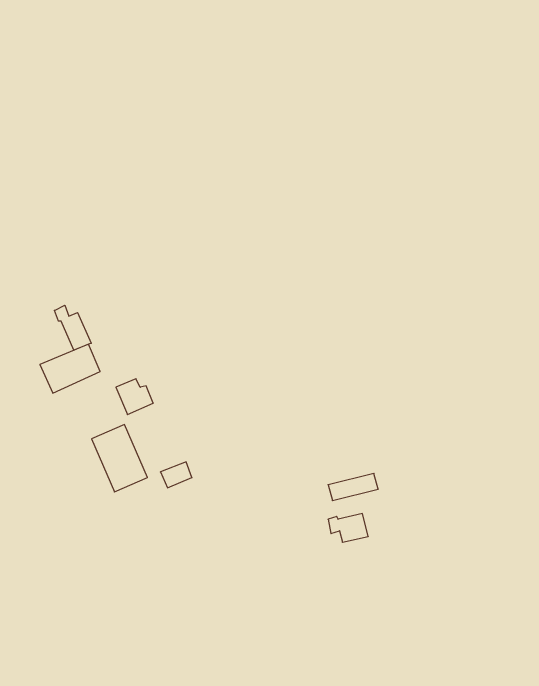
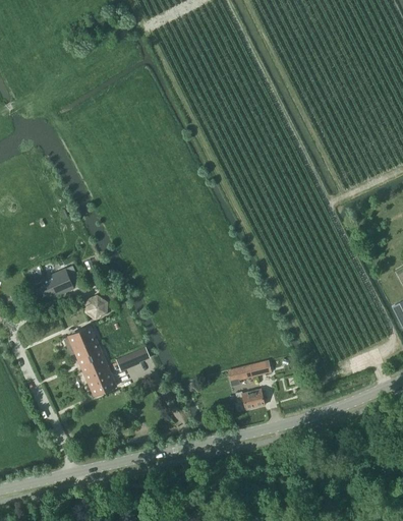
building: [54,305,91,350] -> none
building: none -> [83,363,117,396]

